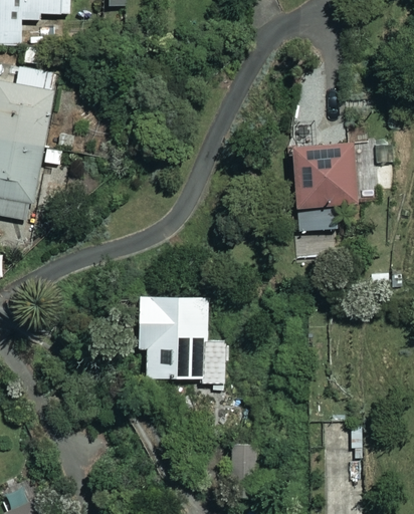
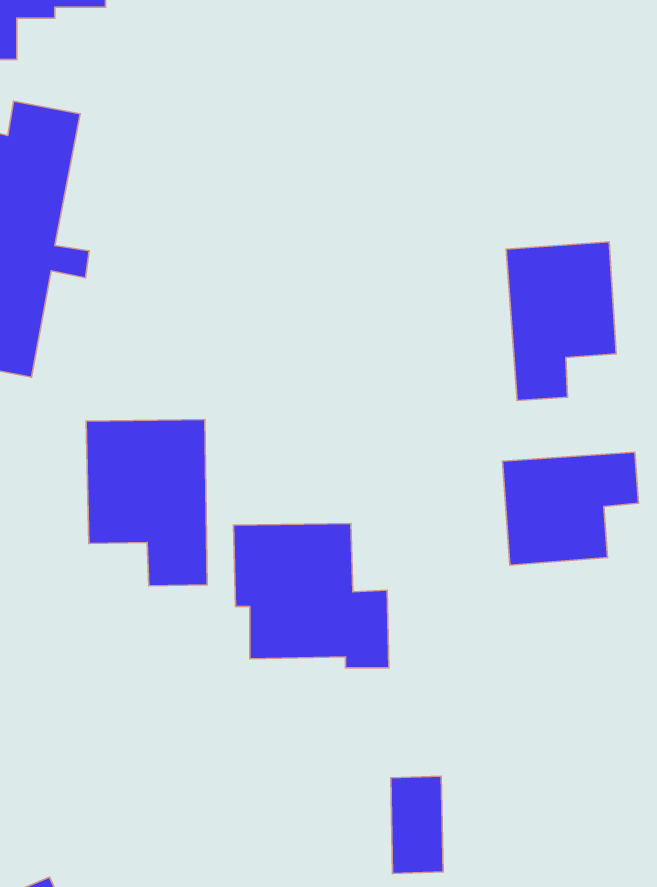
building: none -> [86,419,207,586]
building: none -> [502,452,638,565]

